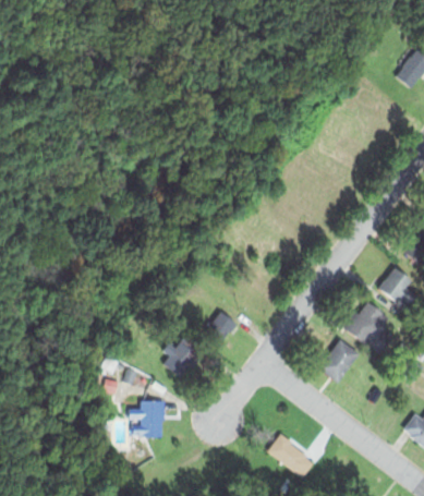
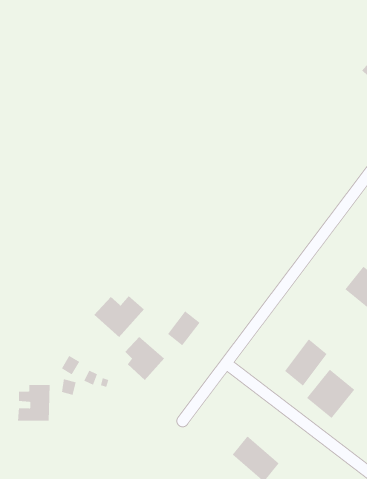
building: none -> [94,295,145,338]
building: [344,300,392,349] -> [306,369,355,419]
building: [129,401,161,437] -> [17,384,51,421]

